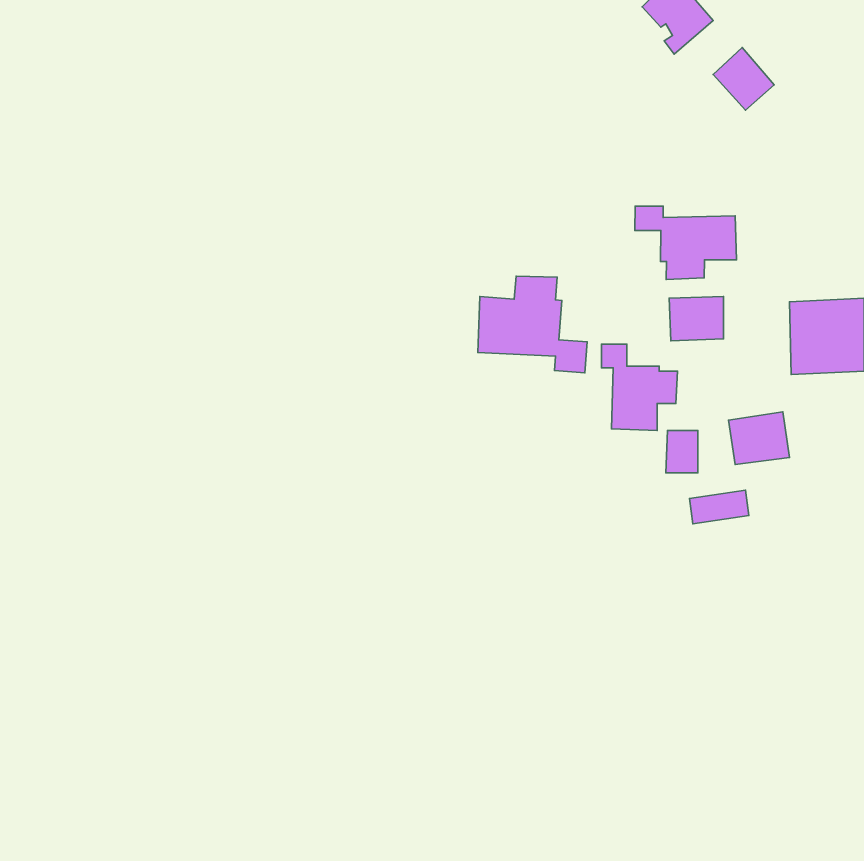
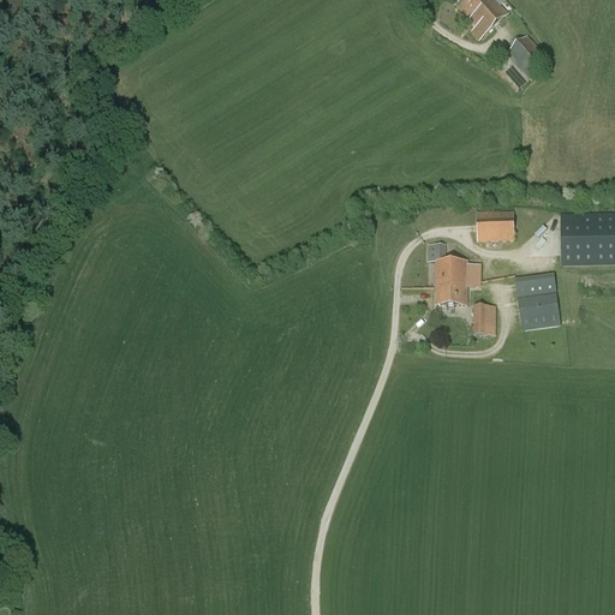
building: [635,206,736,279] -> none
building: [478,276,587,373] -> none
building: [690,490,749,524] -> [513,273,555,297]

